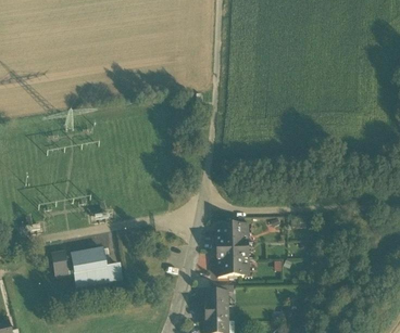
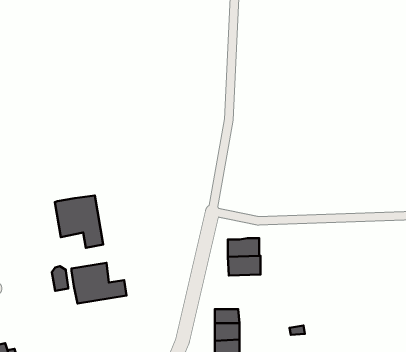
building: none -> [55,195,103,248]
building: [217,259,247,277] -> none

